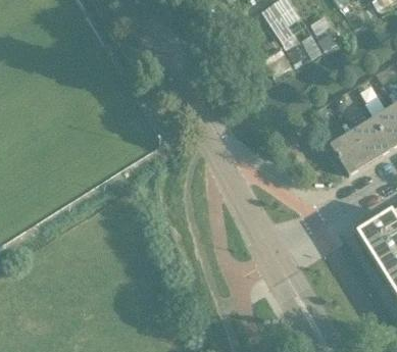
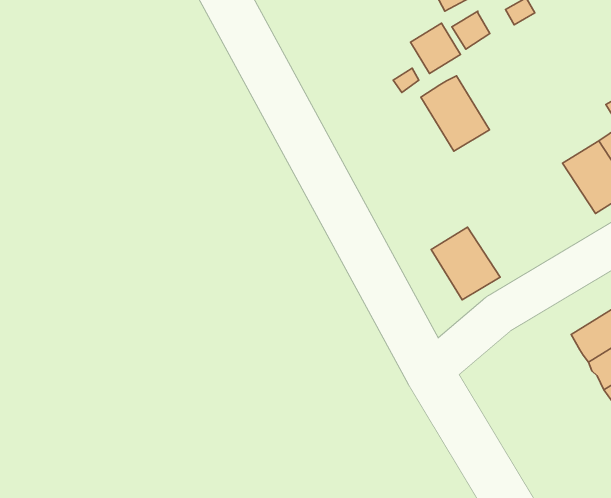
building: none -> [421,76,489,151]
building: [330,131,370,173] -> [431,227,500,300]

